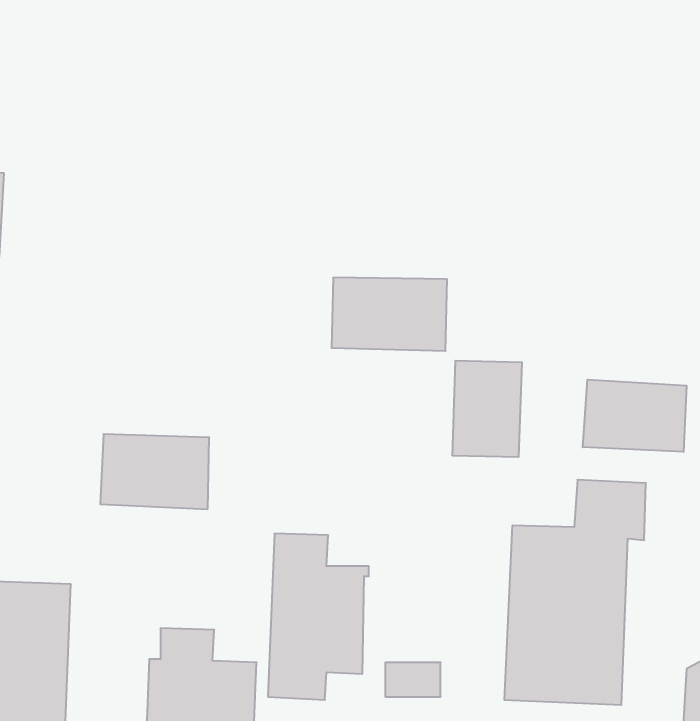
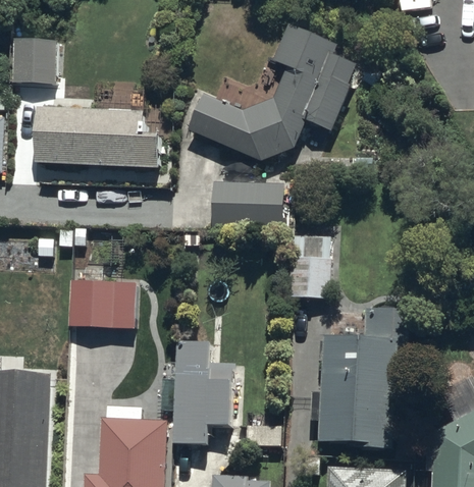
building: none -> [188,28,357,161]
building: none -> [9,35,54,76]
building: none -> [35,108,159,165]
building: [583,380,687,452] -> none

